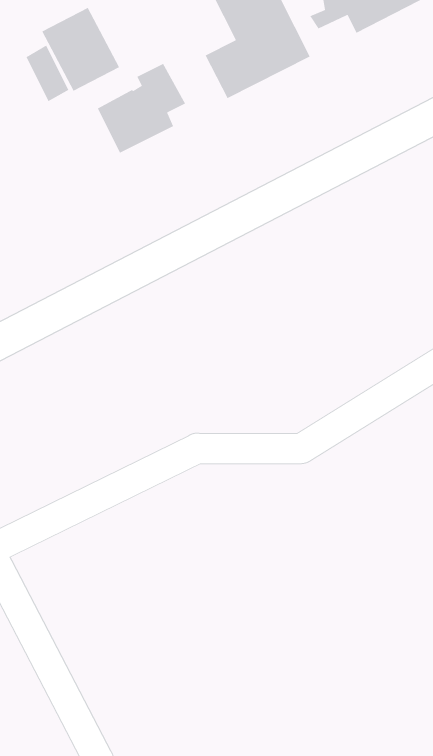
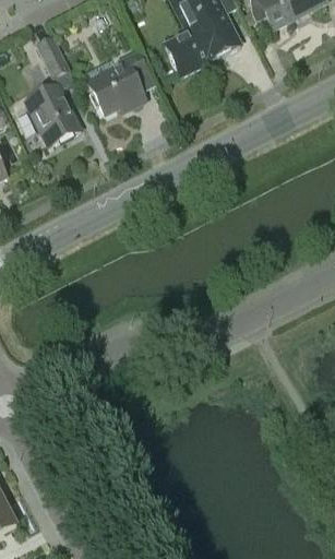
building: [41,7,120,92] -> [25,82,82,143]

